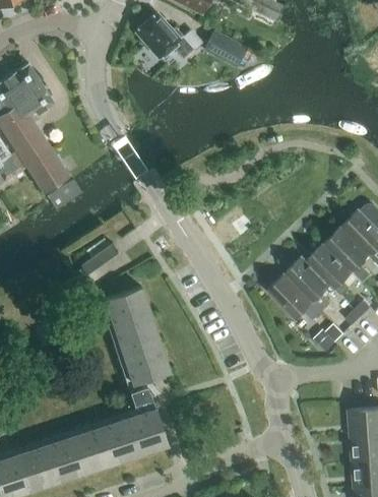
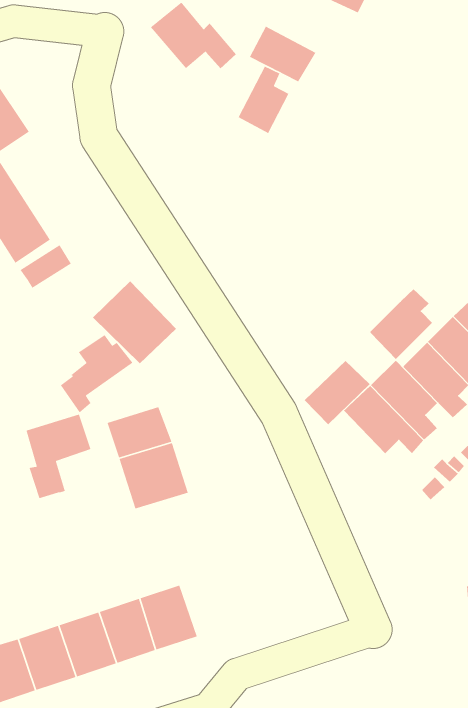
building: none -> [237,66,290,134]
building: none -> [92,280,177,364]
building: none -> [363,289,433,360]
building: none -> [304,360,371,425]
building: [124,346,169,403] -> [25,414,91,499]

